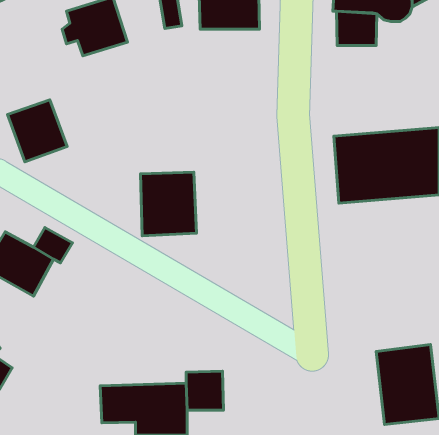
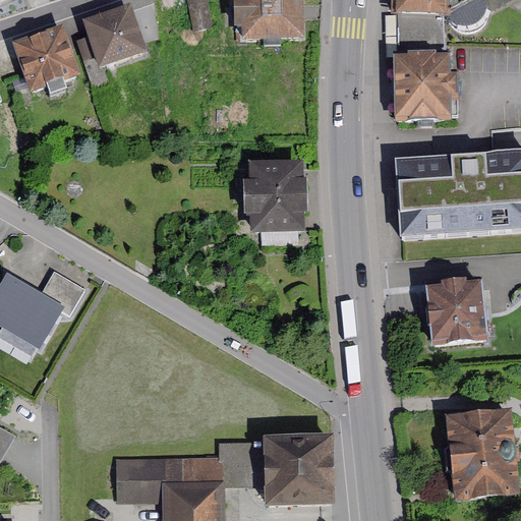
building: none -> [392,54,457,123]
building: [7,100,67,162] -> [9,17,79,91]
building: [141,172,197,236] -> [239,154,305,229]
building: none -> [425,281,485,345]
building: none -> [263,437,334,508]

